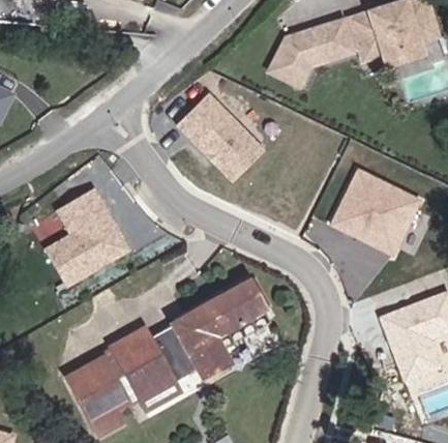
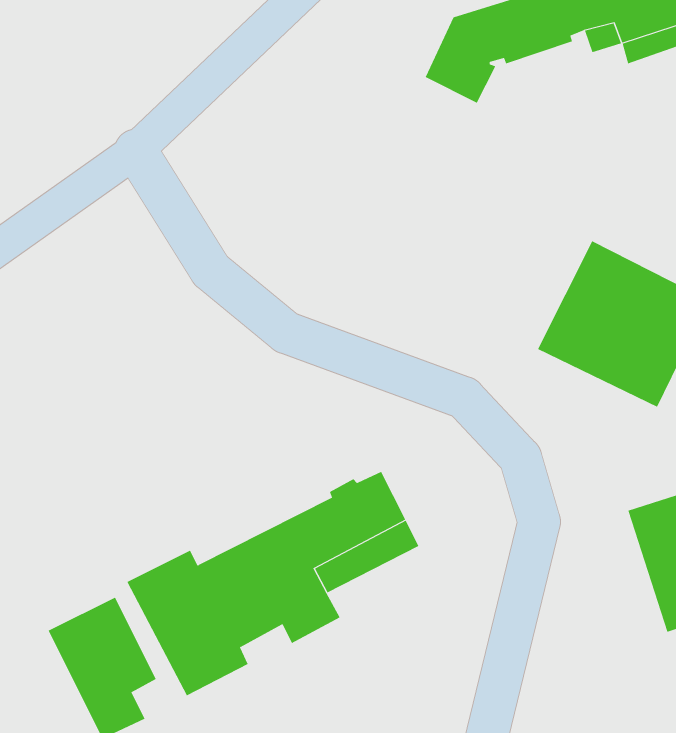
building: [174,90,265,181] -> none
building: [41,186,129,285] -> none

